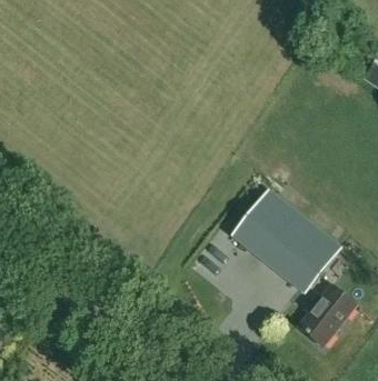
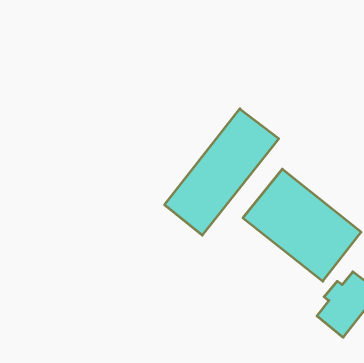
building: none -> [165,109,279,235]

